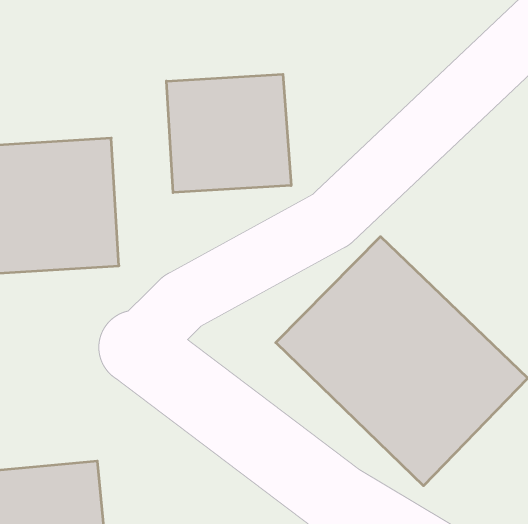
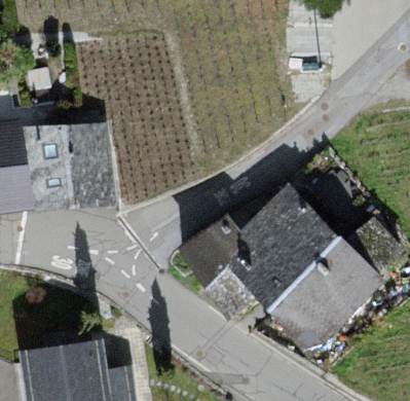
building: [166,74,291,193] -> none

